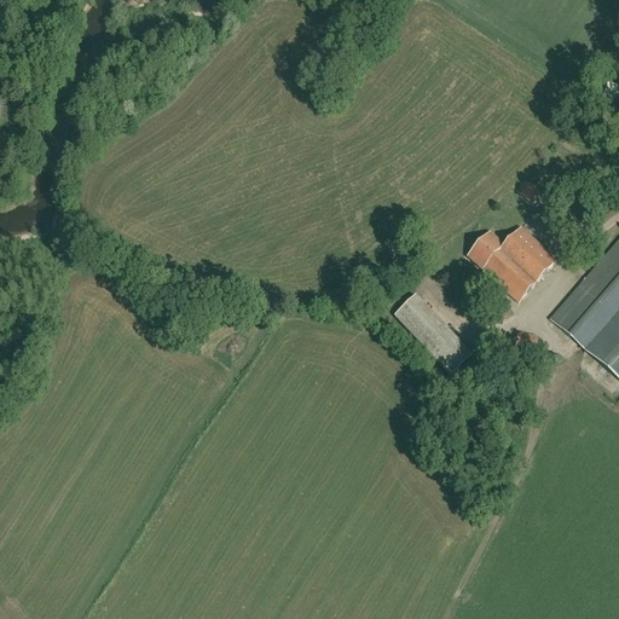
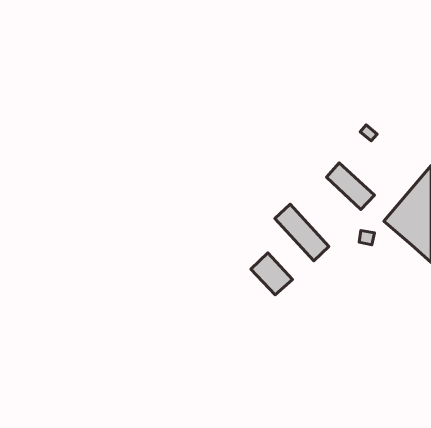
building: [486,226,556,279] -> none
building: none -> [251,253,292,295]

